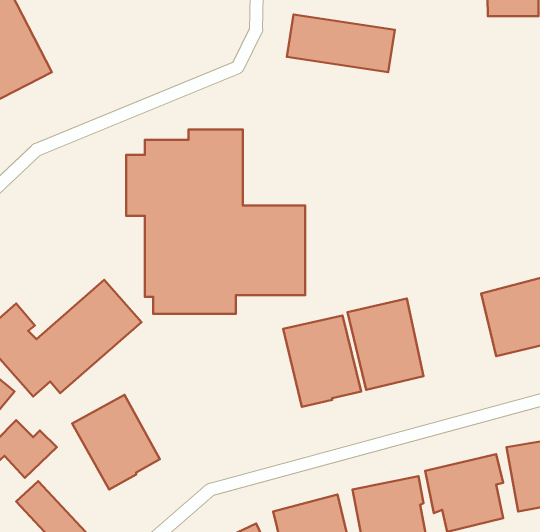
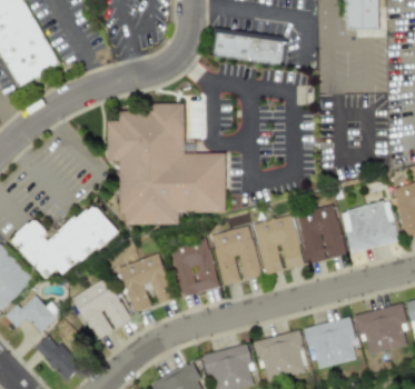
building: none -> [297,205,344,262]
building: none -> [169,238,219,297]
building: none -> [118,253,174,312]

